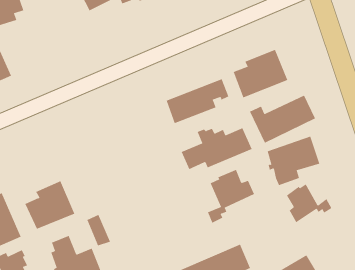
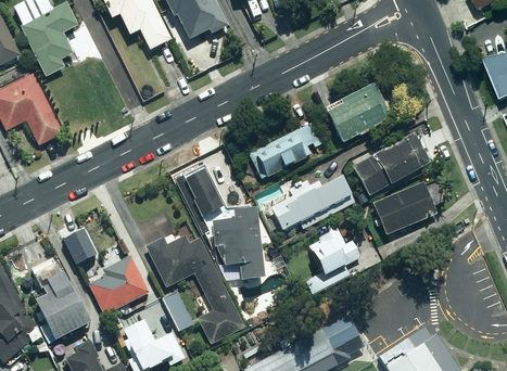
building: none -> [183,169,220,217]
building: none -> [210,208,264,281]
building: none -> [67,230,96,259]
building: none -> [145,235,242,342]
building: [286,183,332,223] -> none

